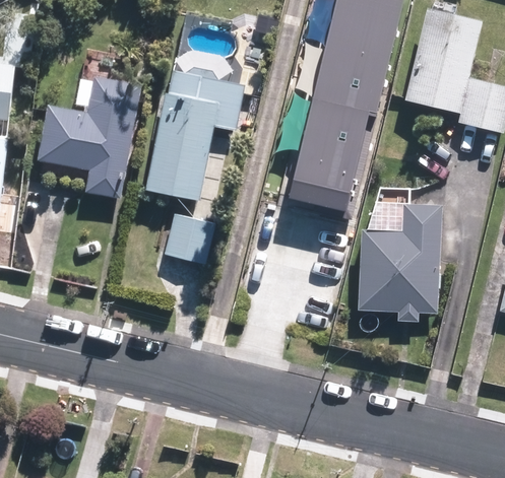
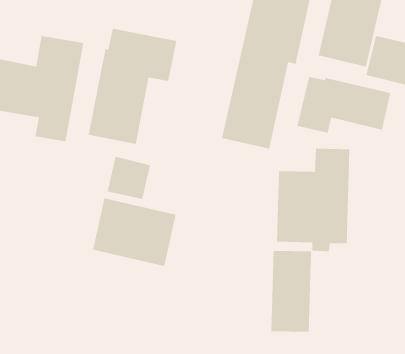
building: none -> [297,76,391,134]
building: none -> [92,197,176,267]
building: none -> [271,250,312,332]

